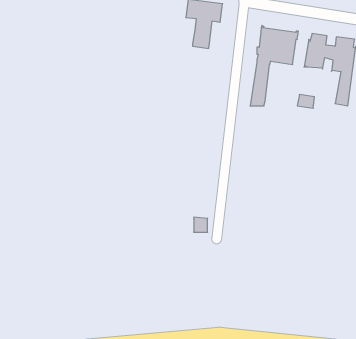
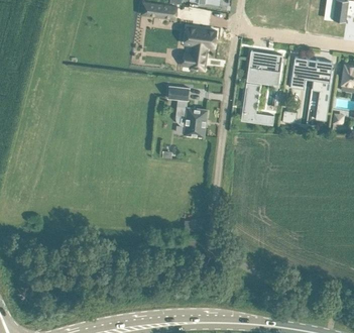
building: none -> [167,86,207,136]

